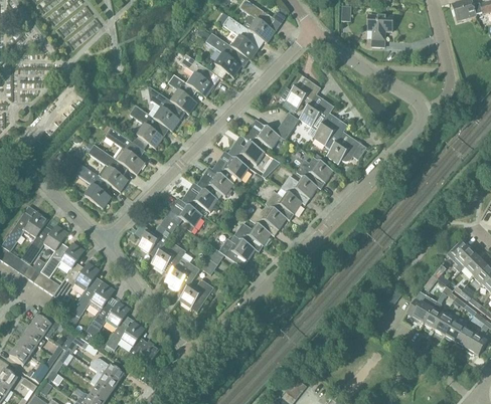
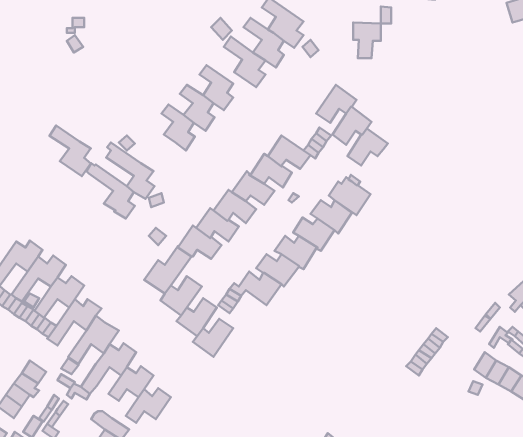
building: [369,15,393,46] -> [353,22,381,58]
building: [134,109,164,150] -> none
building: [327,131,368,163] -> none
building: [75,164,112,208] -> [49,125,91,176]
building: [406,297,434,323] -> none

